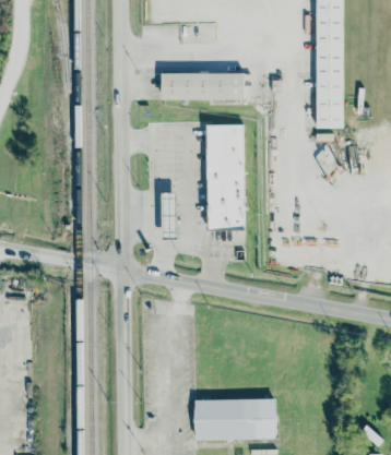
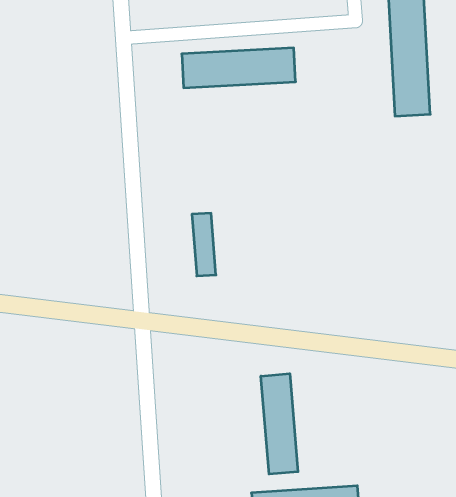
building: [206,127,245,227] -> none
building: none -> [261,374,298,474]

